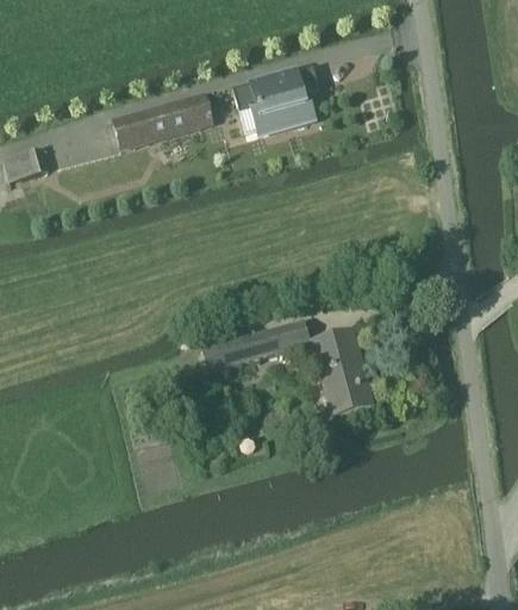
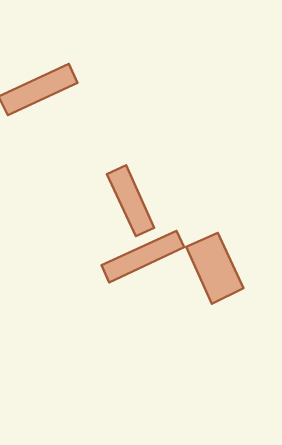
building: [232,64,319,126] -> none
building: none -> [107,165,154,236]

